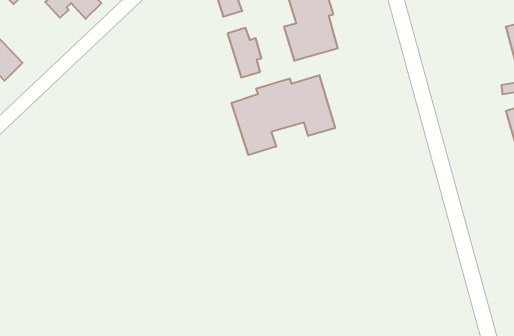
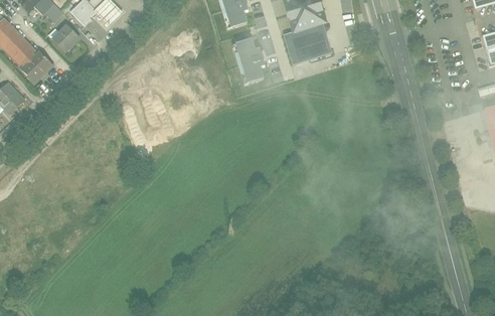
building: none -> [50,22,78,50]
building: [232,75,335,155] -> none

